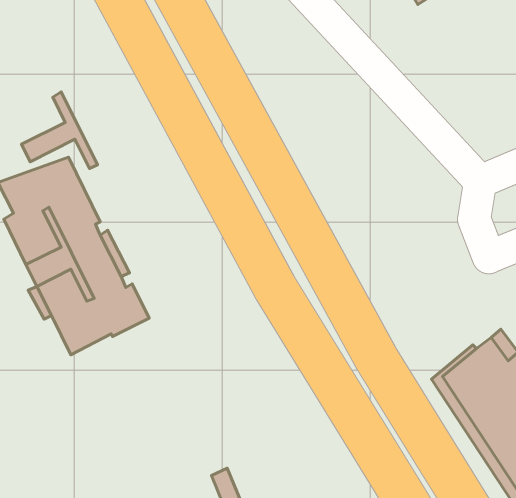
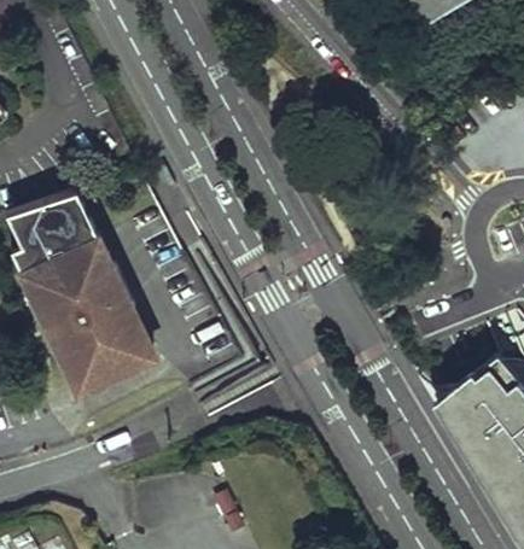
building: [22,92,98,169] -> none

